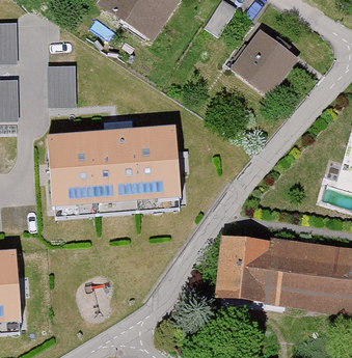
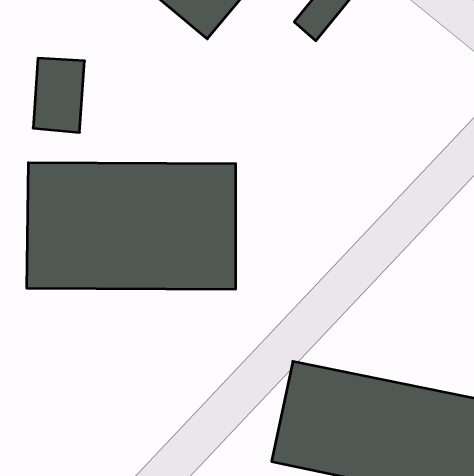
building: [232,27,298,93] -> none

